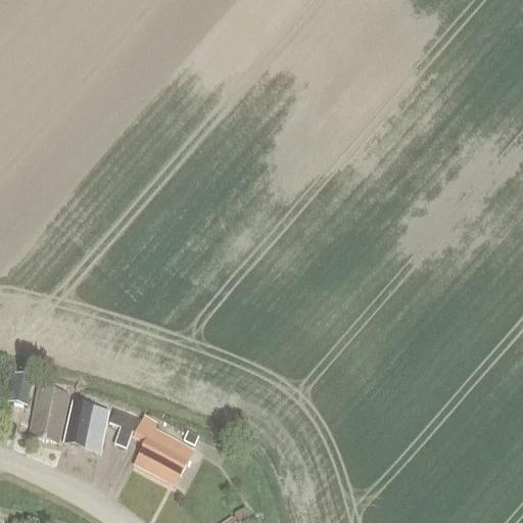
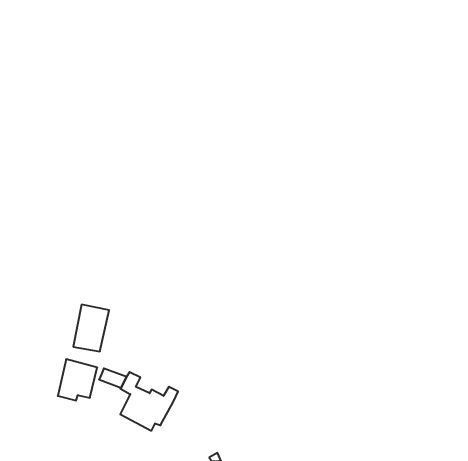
building: [8,371,33,401] -> none
building: [30,387,69,439] -> [73,305,109,351]

